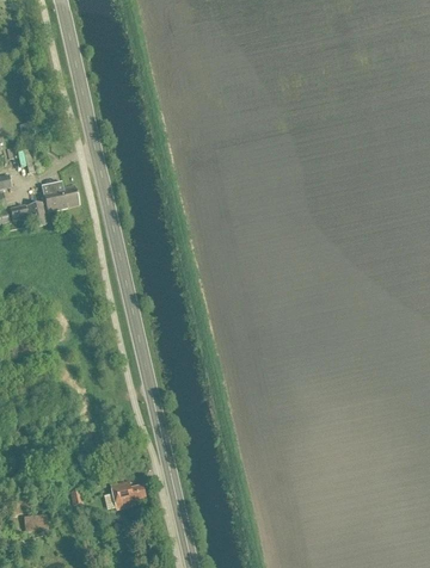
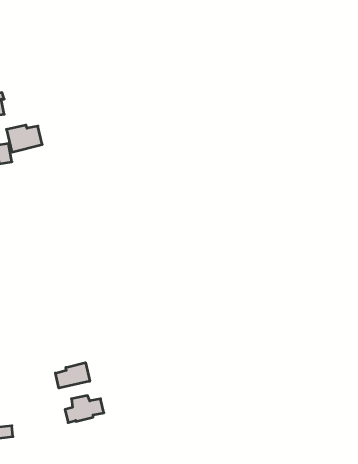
building: none -> [55,363,90,388]

